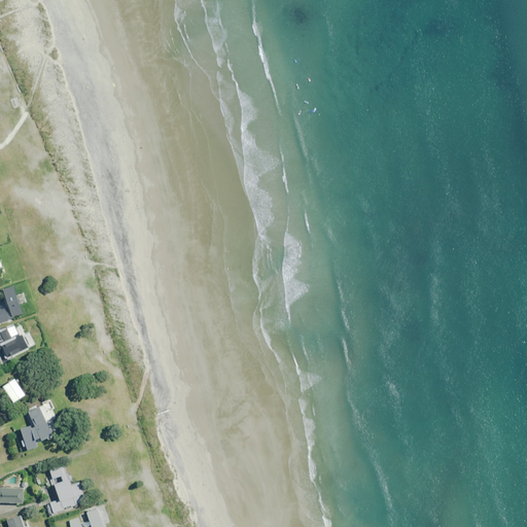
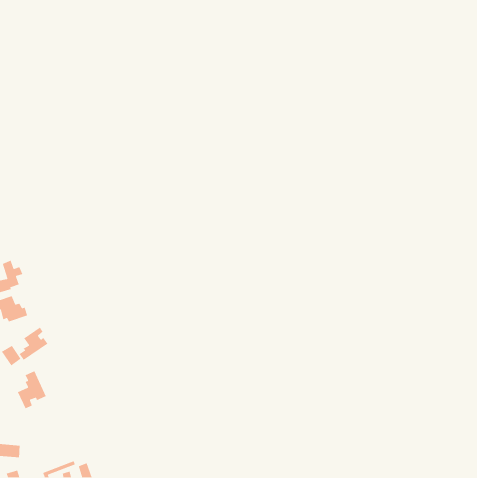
building: none -> [19,327,48,361]
building: [45,464,85,514] -> none

